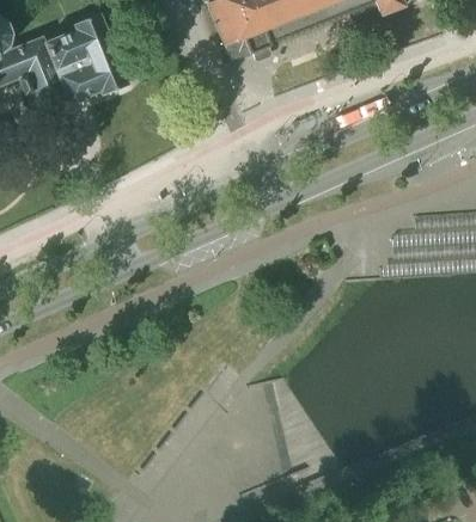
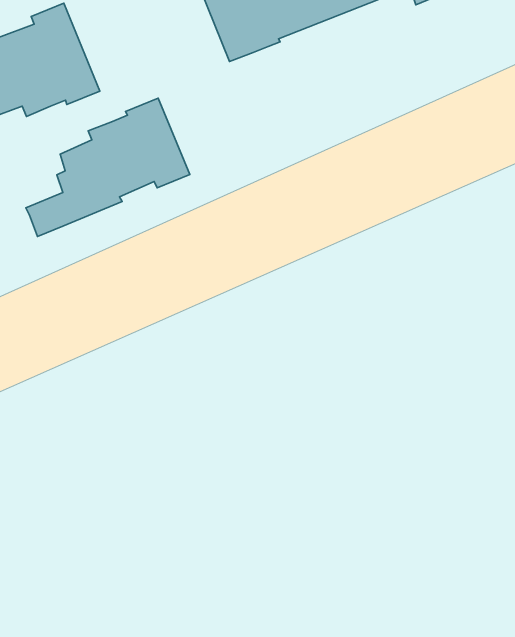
building: none -> [26,98,190,237]

